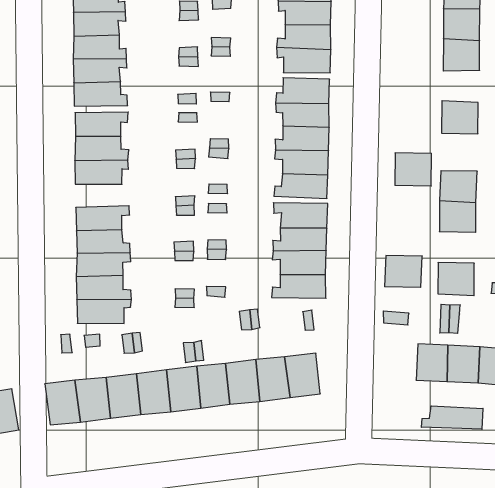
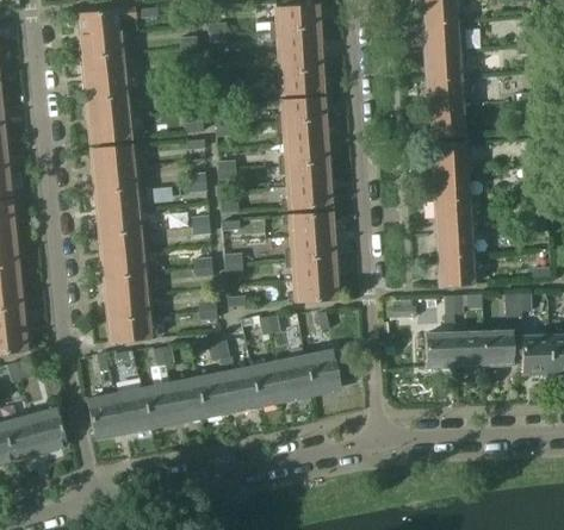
building: none -> [427,77,461,108]
building: [395,153,431,186] -> [430,141,466,173]
building: none -> [98,211,149,236]
building: [385,256,422,287] -> [436,226,471,257]
building: [421,406,483,429] -> none

